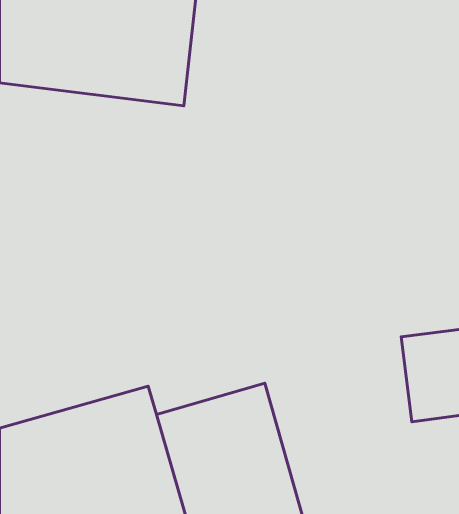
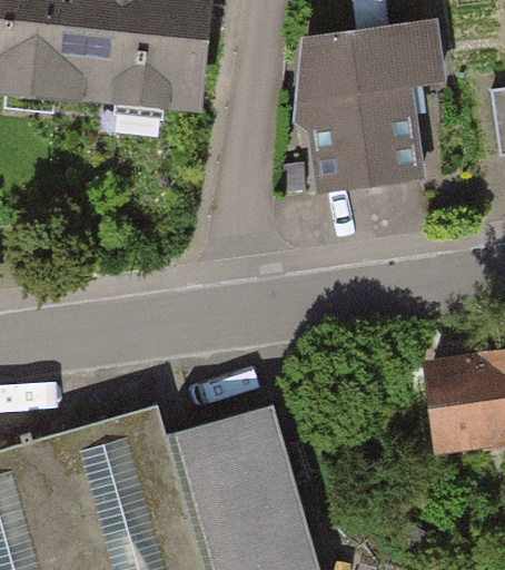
building: none -> [278,19,439,186]

